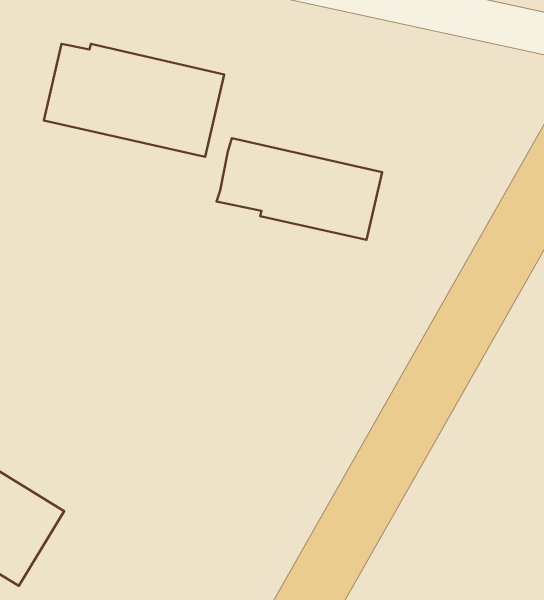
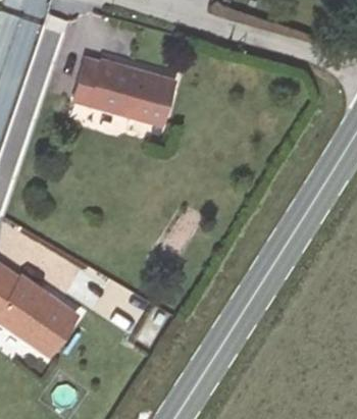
building: [216,138,382,240] -> none

